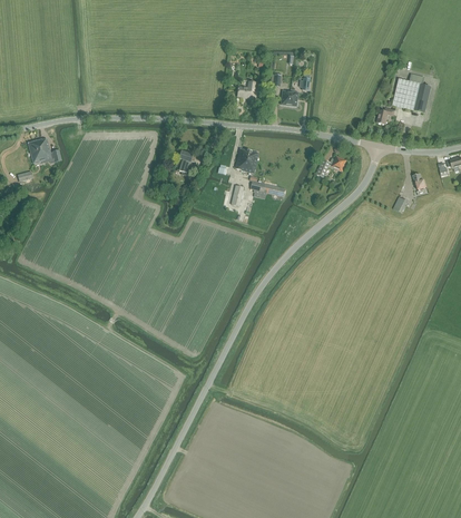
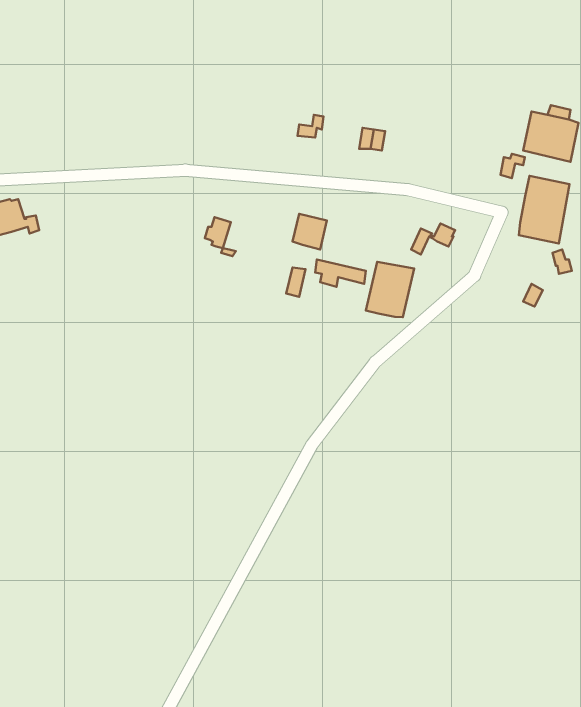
building: none -> [519,176,570,244]
building: none -> [366,262,414,317]

